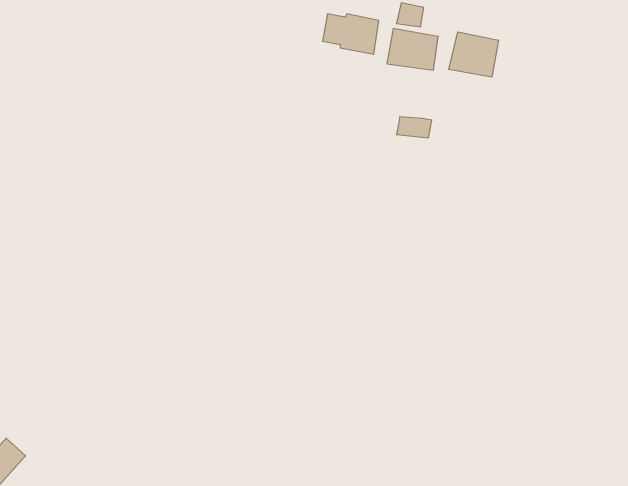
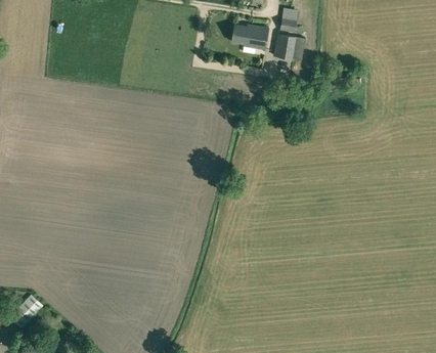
building: [449,32,498,77] -> none

